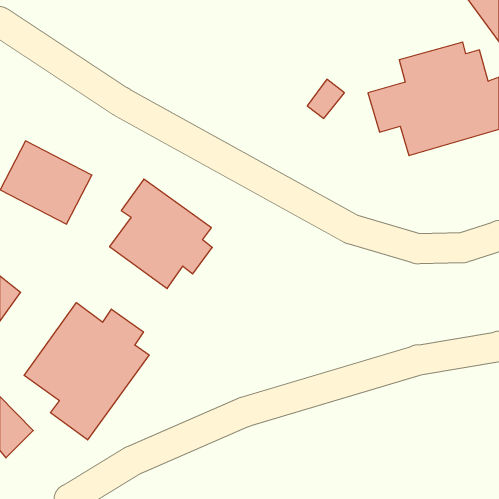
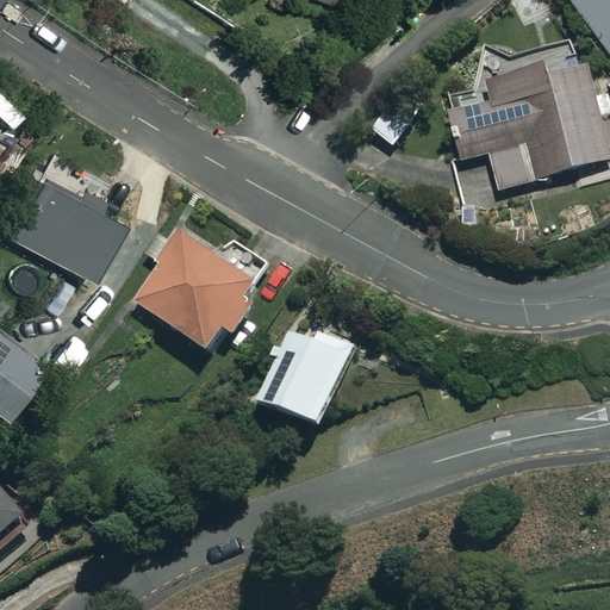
building: none -> [260,324,353,425]
building: [24,303,149,440] -> none

